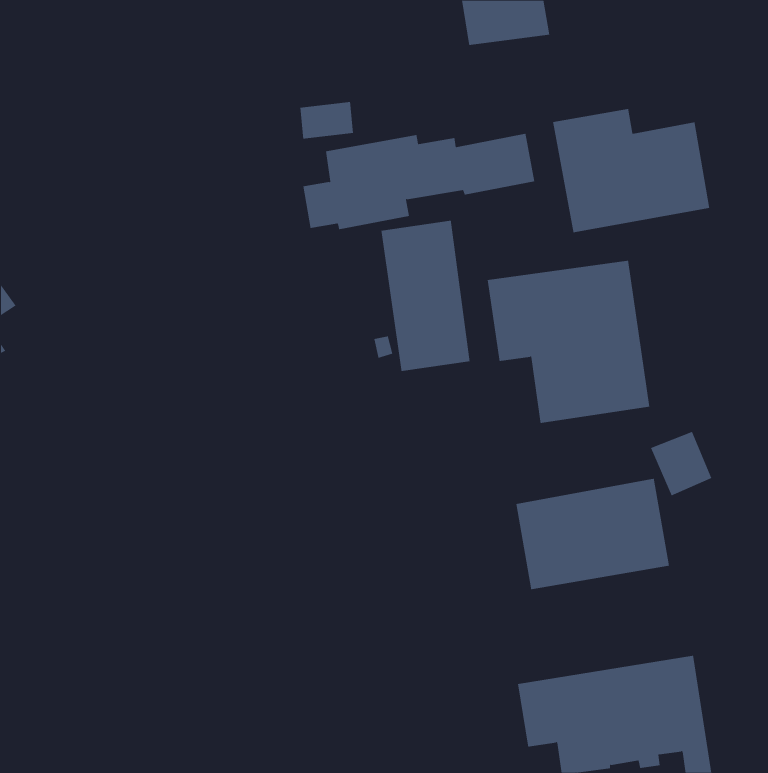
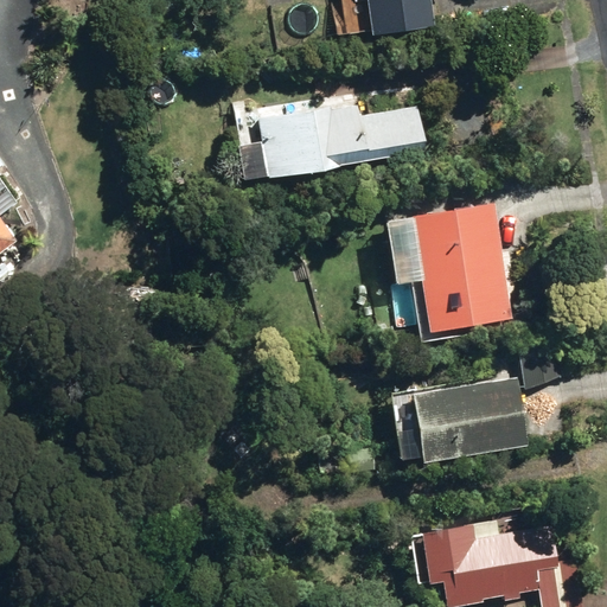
building: [552,108,710,233] -> none
building: [381,220,470,372] -> none

